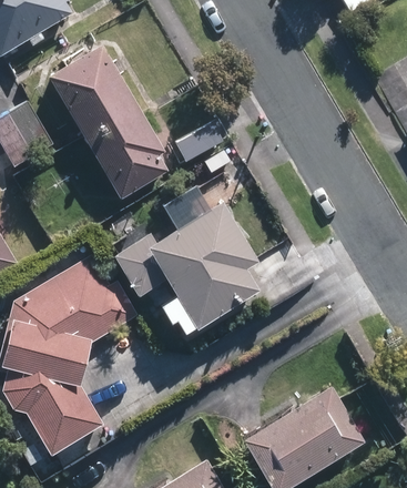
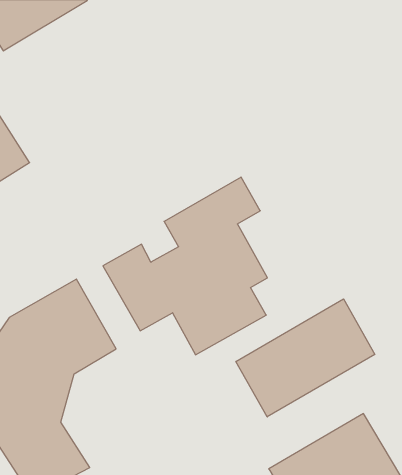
building: [47,45,172,196] -> none
building: none -> [236,299,375,417]

